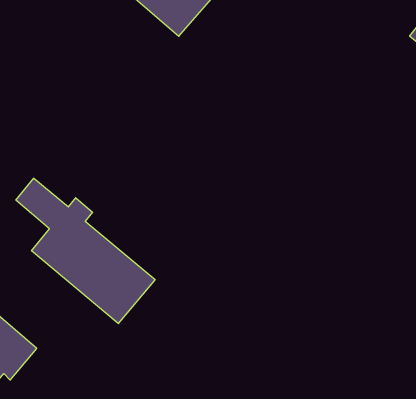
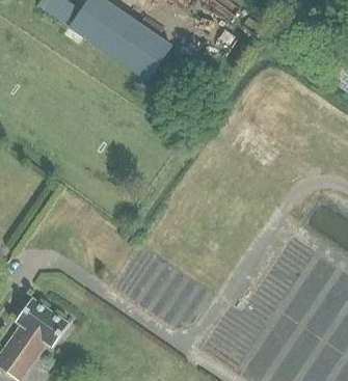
building: [16,178,155,324] -> none

